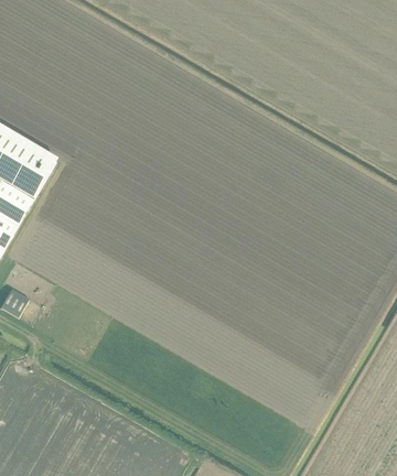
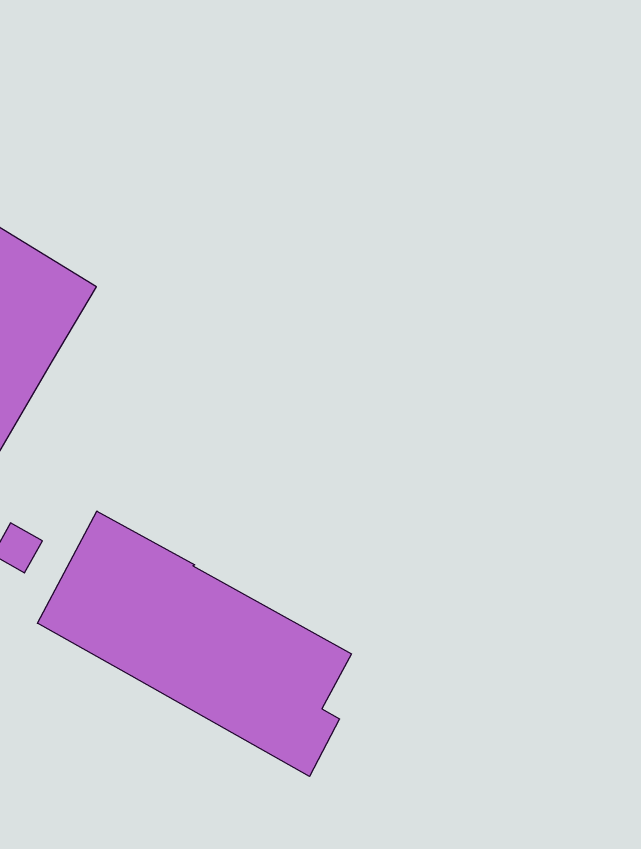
building: none -> [37,511,351,776]

